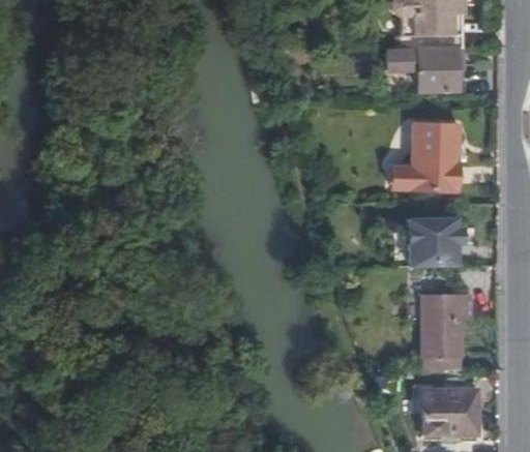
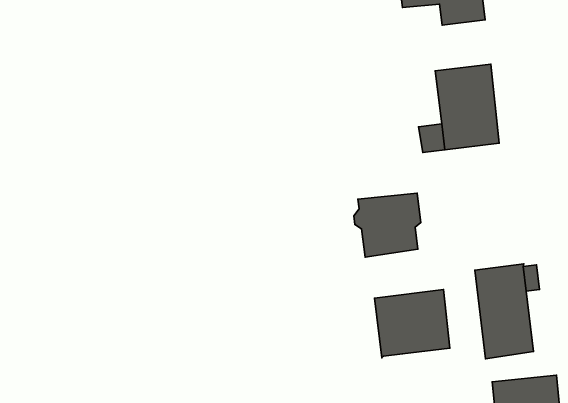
building: [404,219,459,268] -> [354,193,421,257]
building: none -> [374,290,450,358]

